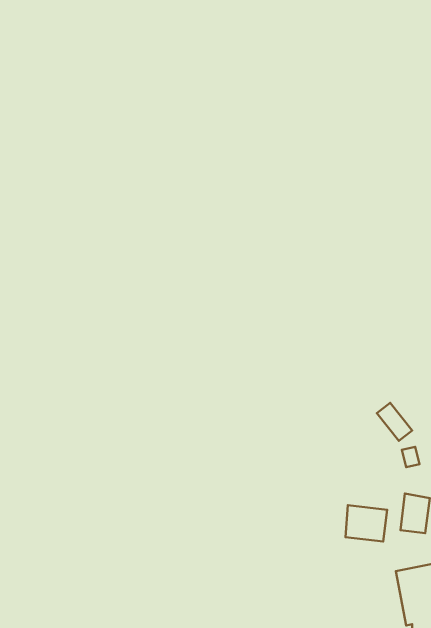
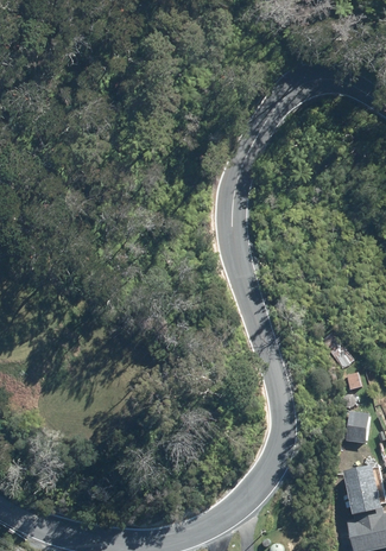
building: [345,505,387,542] -> none

